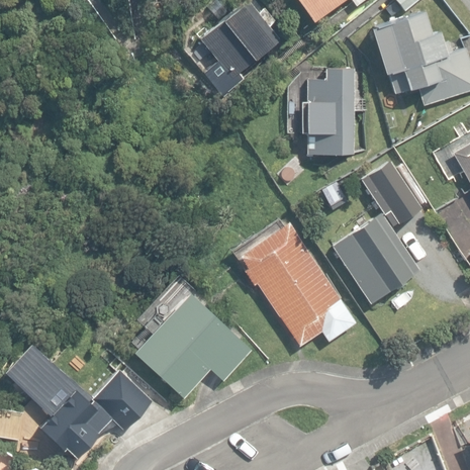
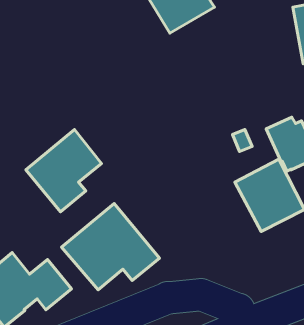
building: [302,68,354,155] -> none
building: none -> [26,130,101,212]
building: [237,221,355,346] -> none

